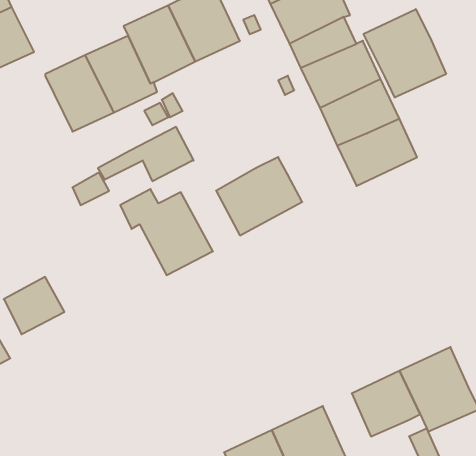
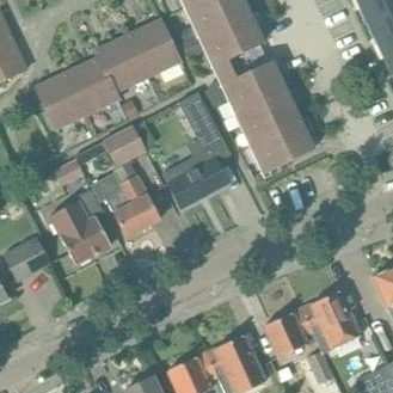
building: [364,9,446,98] -> none
building: none -> [178,92,217,139]
building: none -> [50,188,111,264]

